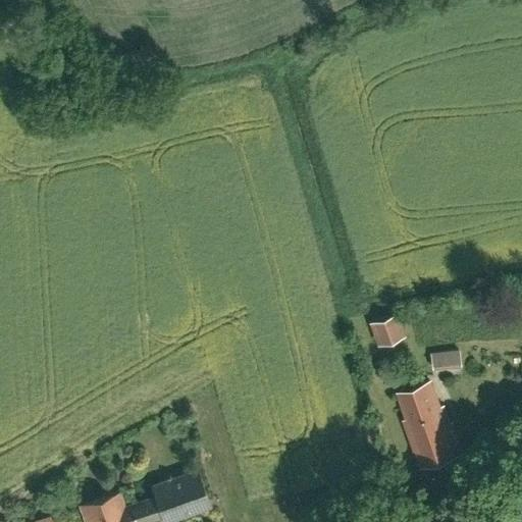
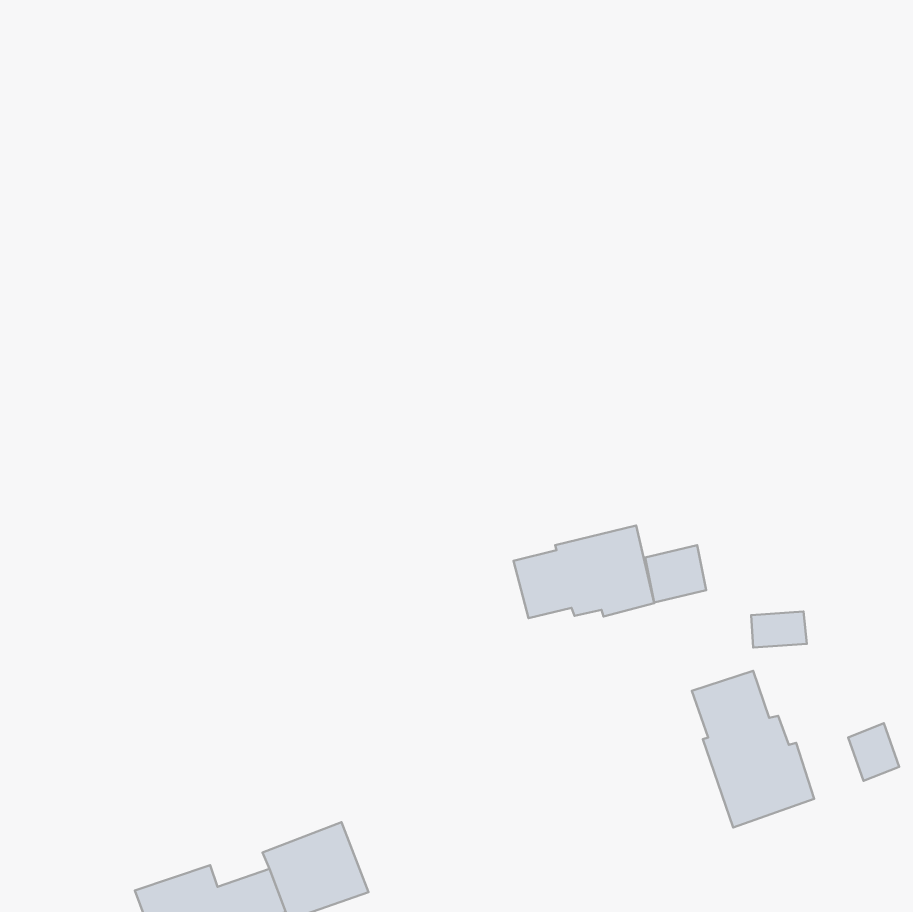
building: none -> [513,526,654,618]
building: none -> [848,723,899,781]

